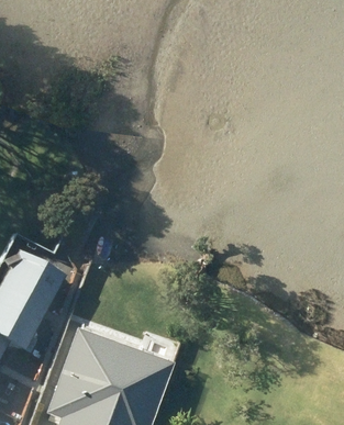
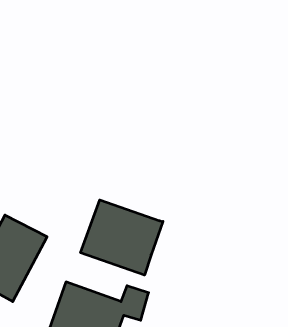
building: none -> [81,200,163,275]

